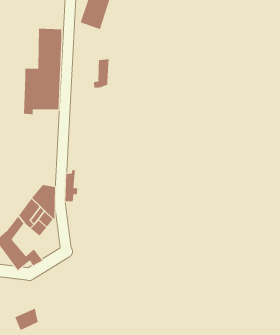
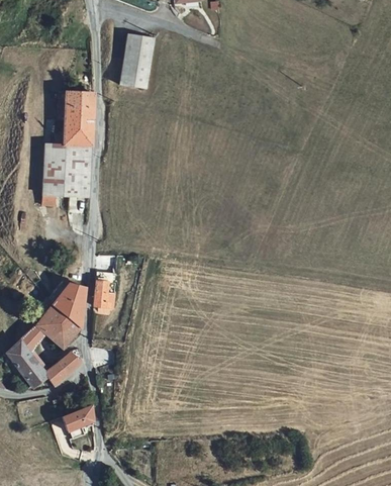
building: [93,58,109,88] -> none
building: none -> [57,350,85,380]
building: [15,308,39,331] -> [67,405,97,434]

